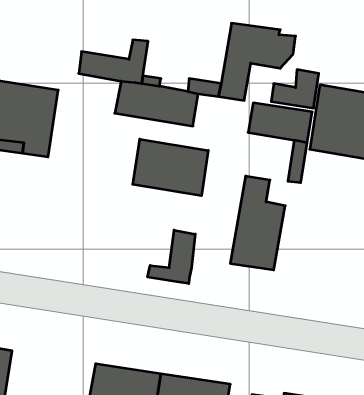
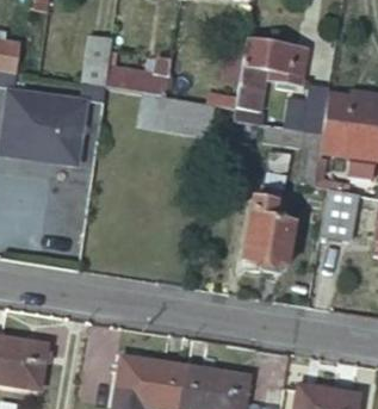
building: none -> [83,35,114,86]
building: [133,139,208,196] -> none
building: none -> [321,190,359,241]
building: [148,230,195,284] -> none

